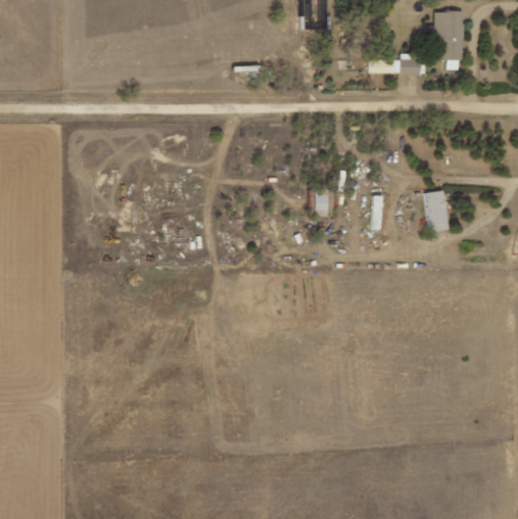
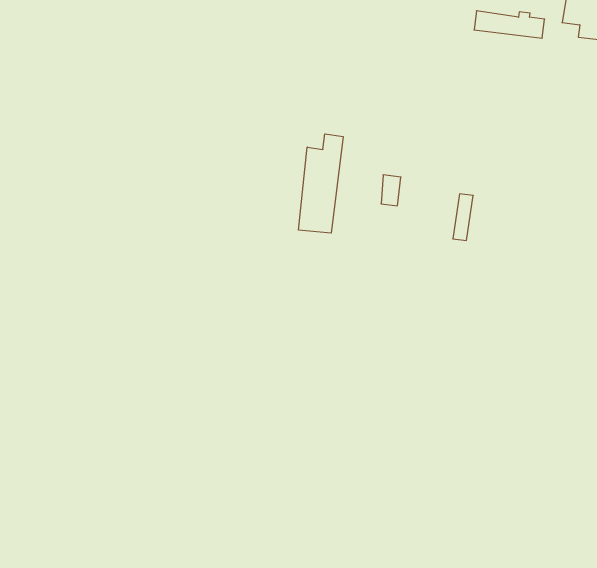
building: none -> [299,134,343,233]
building: [424,190,449,231] -> none

